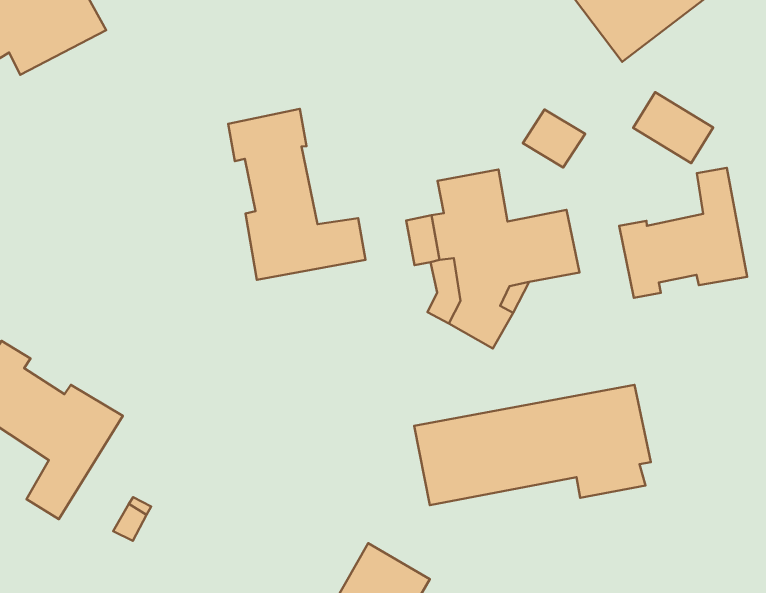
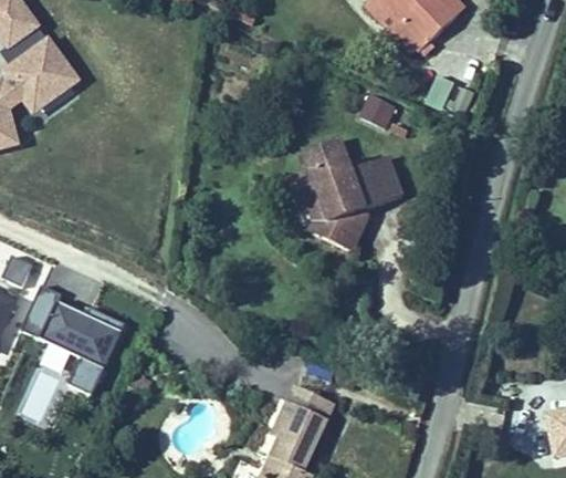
building: [228,109,366,280] -> none
building: [619,168,747,298] -> none
building: [414,385,651,505] -> none

